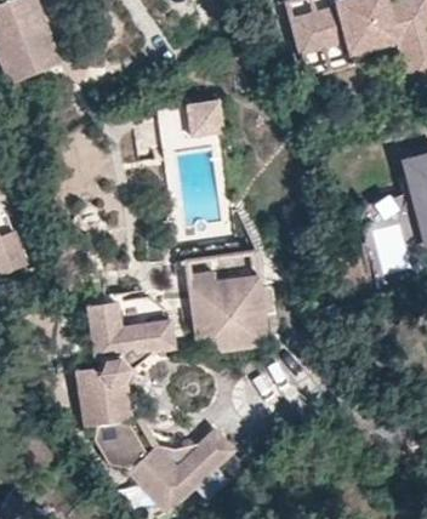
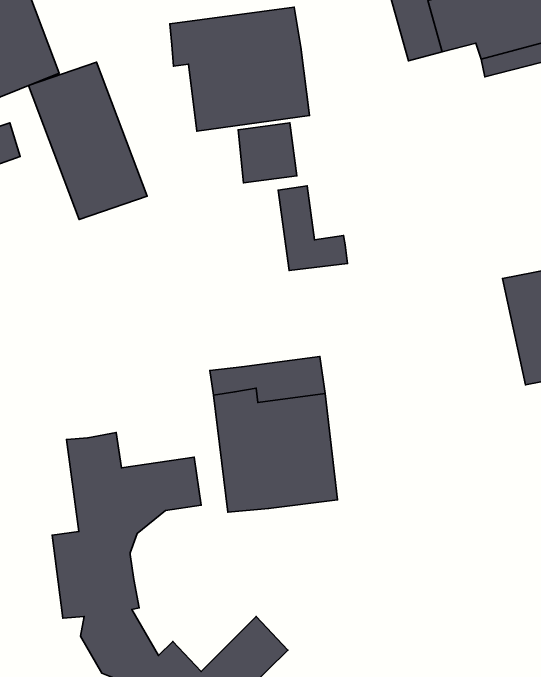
building: none -> [170,7,310,131]
building: none -> [28,62,147,219]
building: none -> [278,186,347,271]

